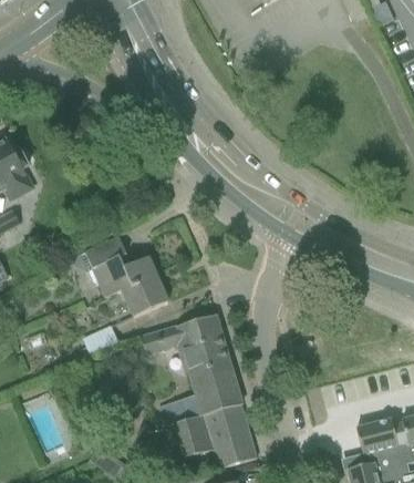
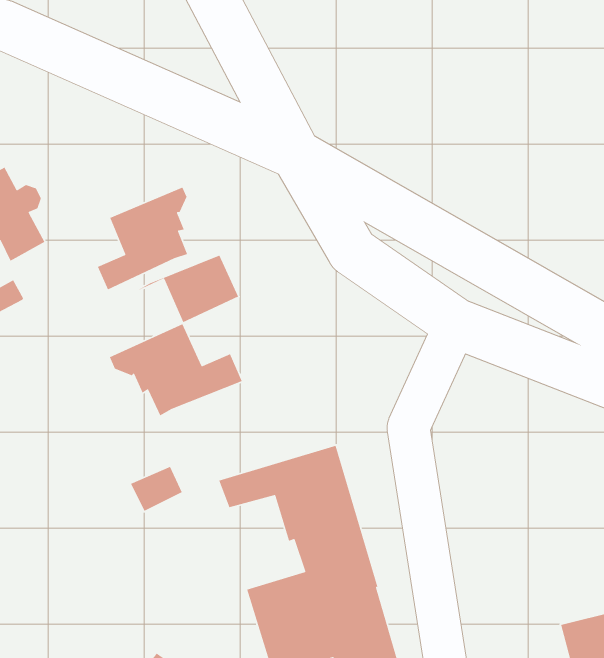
building: none -> [97,186,188,291]
building: [104,273,168,316] -> [137,255,239,323]

